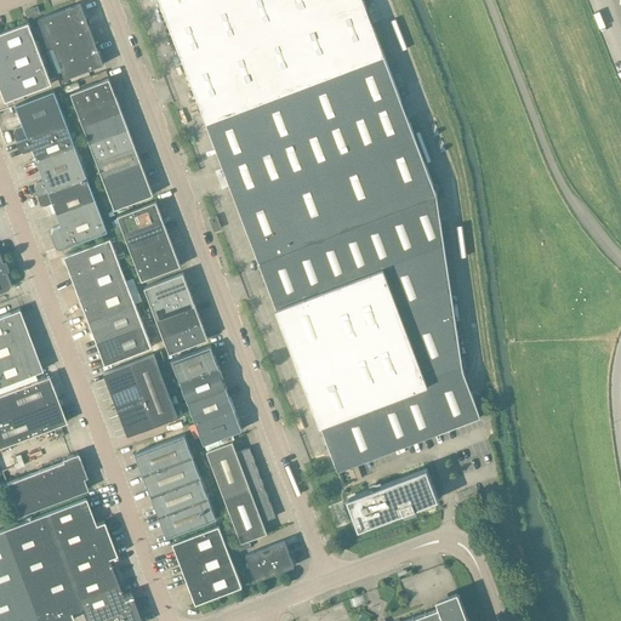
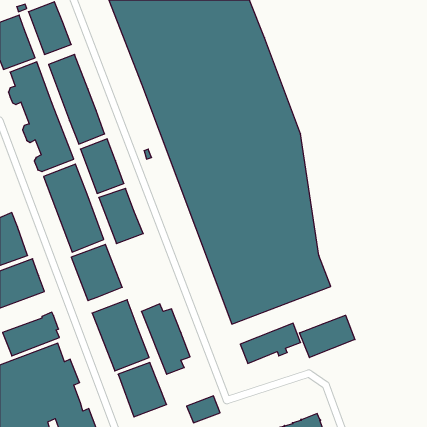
building: [171,347,243,445] -> none
building: none -> [300,315,355,358]
building: [245,542,294,581] -> [187,396,220,423]

